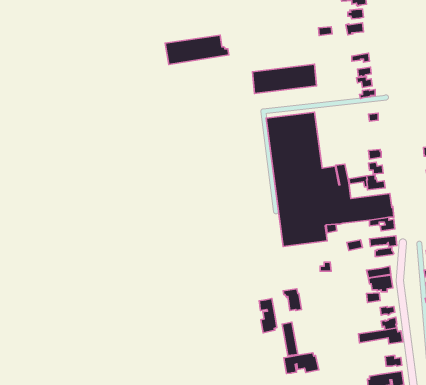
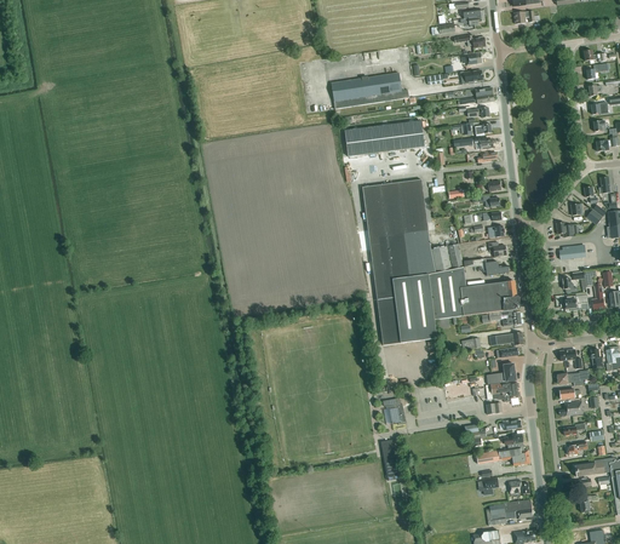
building: [165,35,229,65] -> [331,73,409,109]
building: [259,299,277,333] -> none
building: [284,353,319,374] -> none

